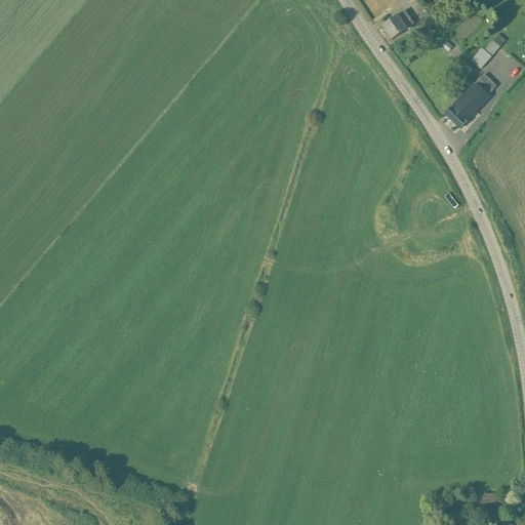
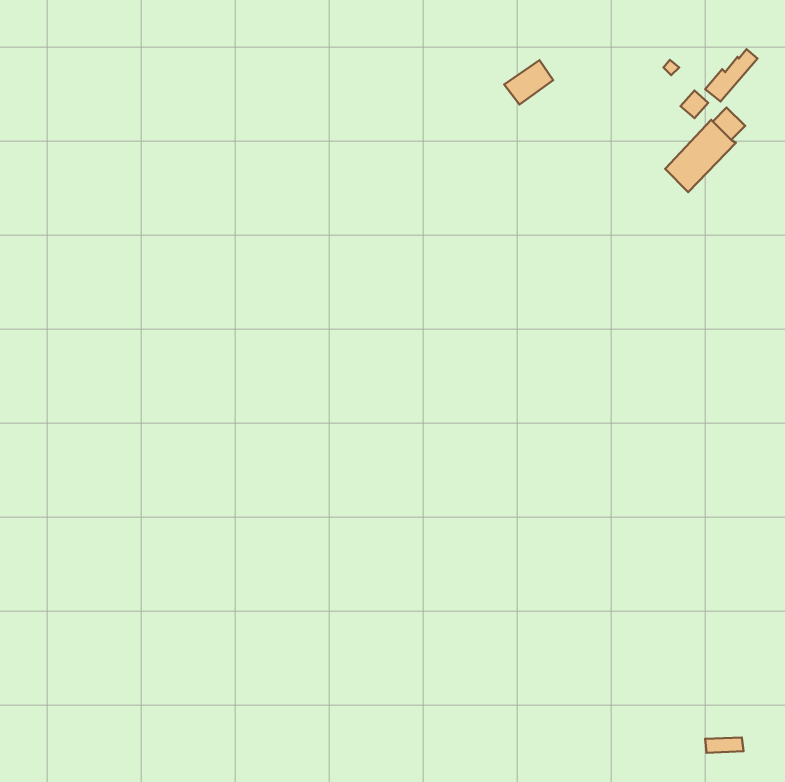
building: [381,8,414,38] -> [504,60,553,105]

